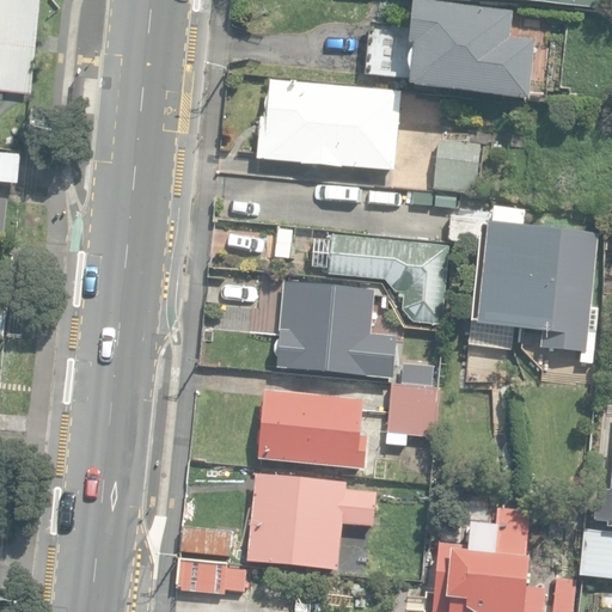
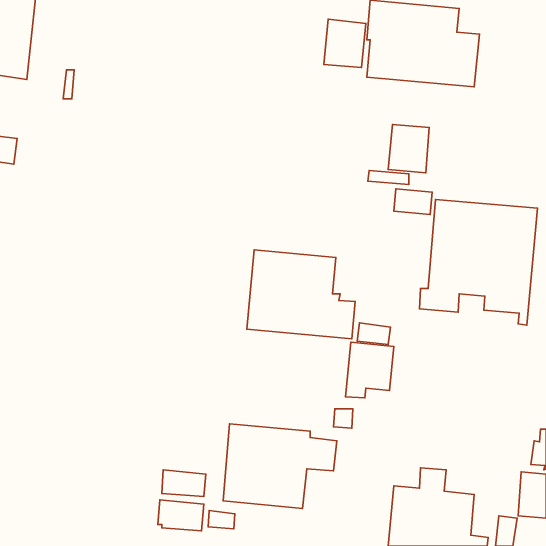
building: [257,79,400,169] -> none
building: [310,233,447,323] -> none
building: [255,388,367,467] -> none

